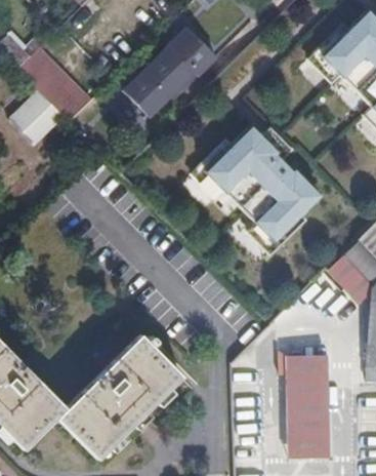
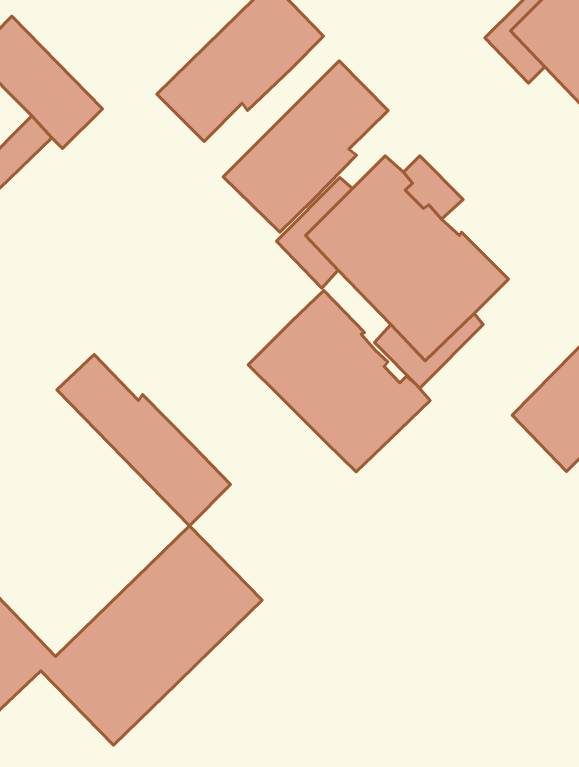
building: none -> [223,61,388,232]
building: none -> [248,290,430,472]
building: none -> [57,354,231,526]
building: [289,352,331,454] -> none

